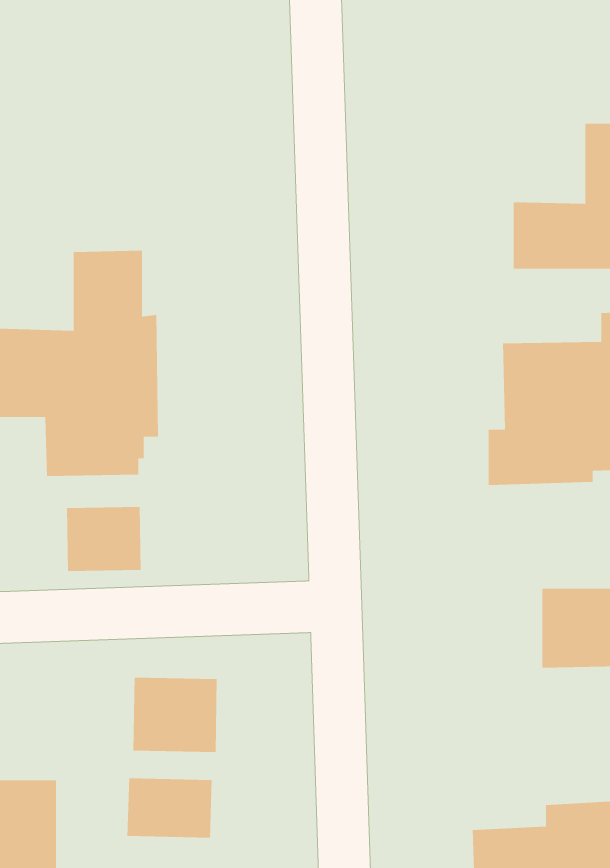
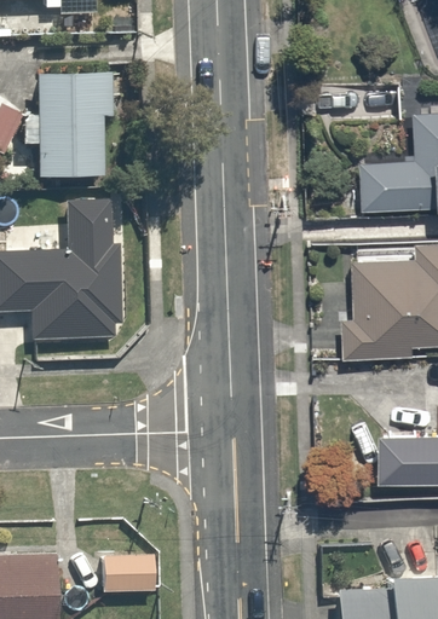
building: none -> [34,74,108,178]
building: [66,506,141,572] -> none
building: [133,677,218,753] -> none

